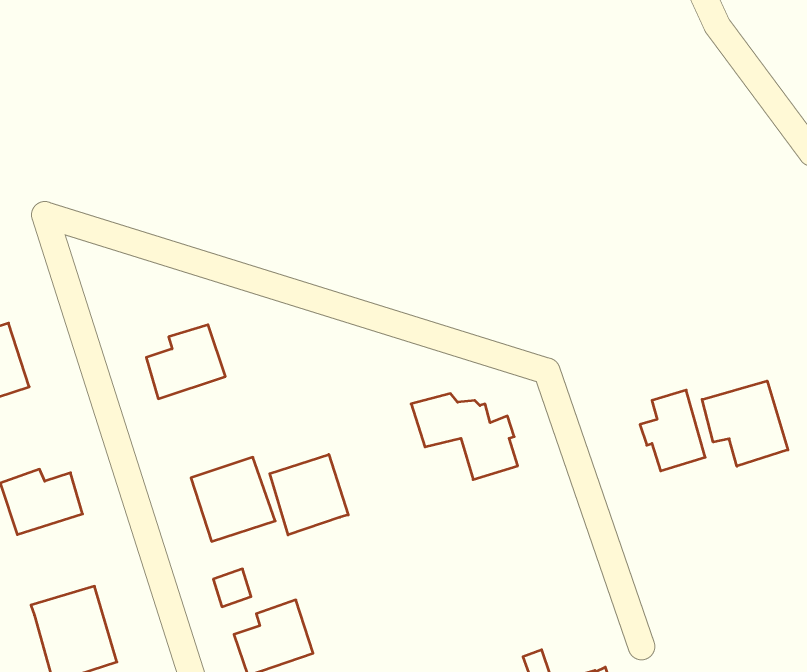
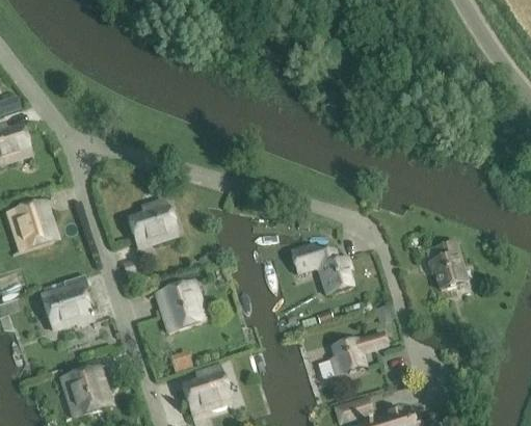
building: [702,381,788,466] -> none
building: [270,454,348,535] -> none
building: none -> [331,334,387,375]

